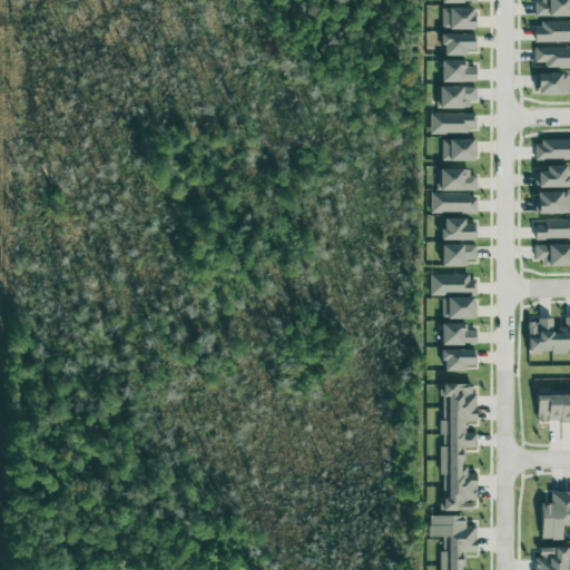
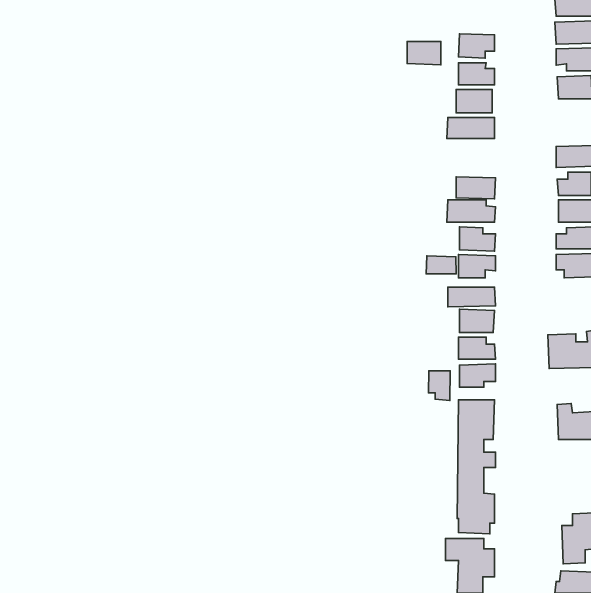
building: [443,7,475,29] -> [407,41,441,65]
building: [443,138,475,160] -> none
building: none -> [426,256,456,274]
building: none -> [428,371,450,400]

